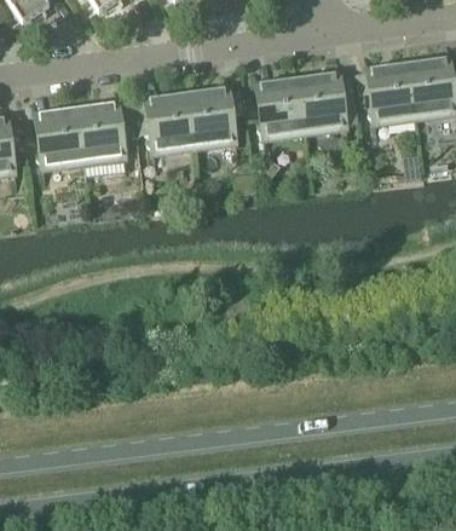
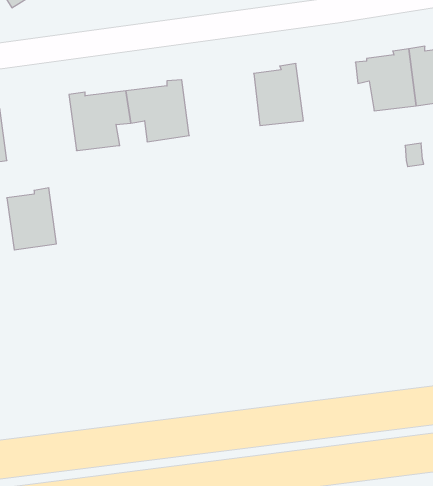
building: [298,74,358,131] -> none
building: [186,88,243,145] -> none
building: [35,105,83,166] -> [7,188,56,250]

